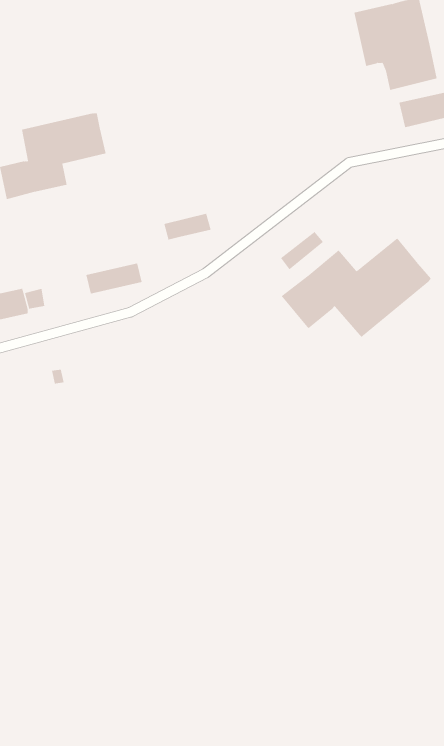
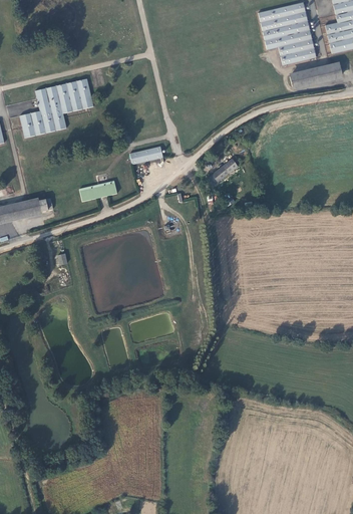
building: [281,238,431,338] -> none

